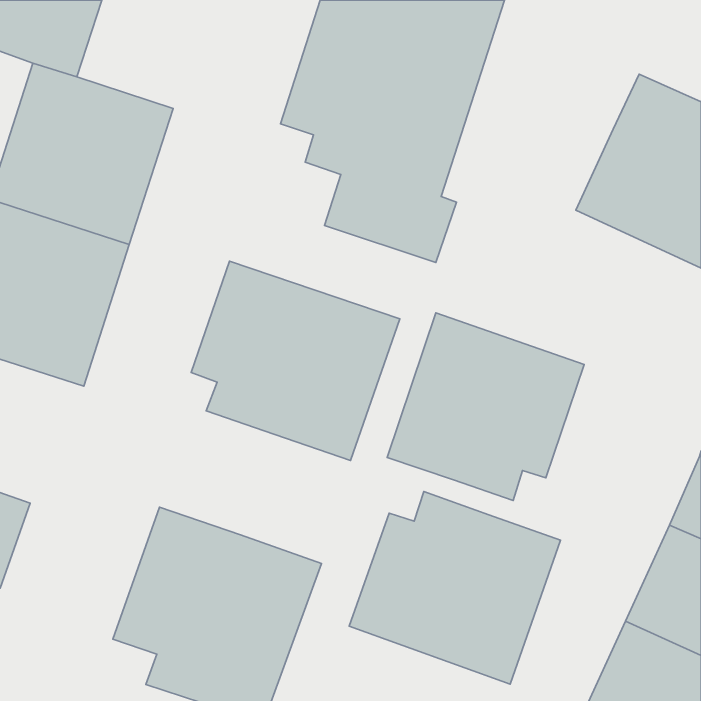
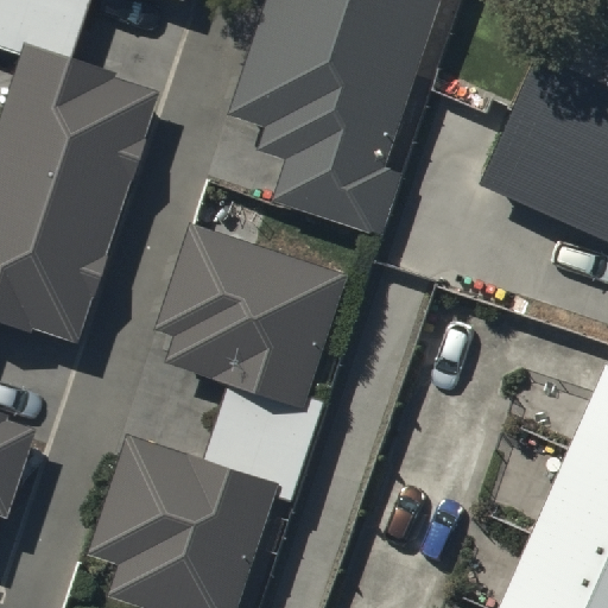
building: [387,313,584,501] -> none
building: none -> [208,376,318,492]
building: [349,491,560,684] -> none

